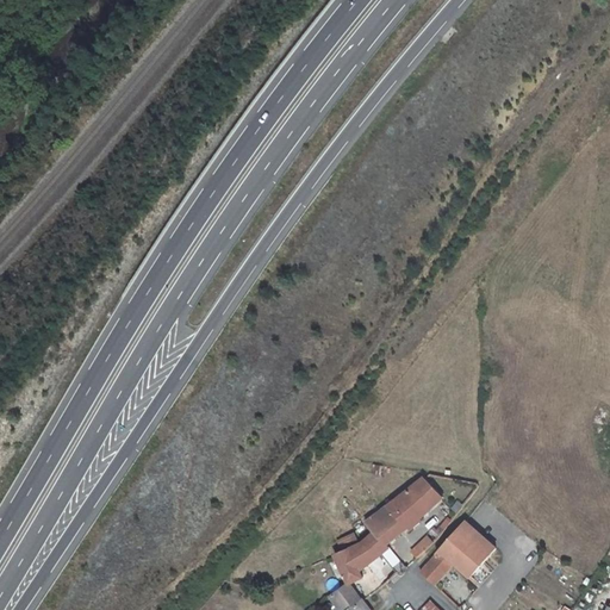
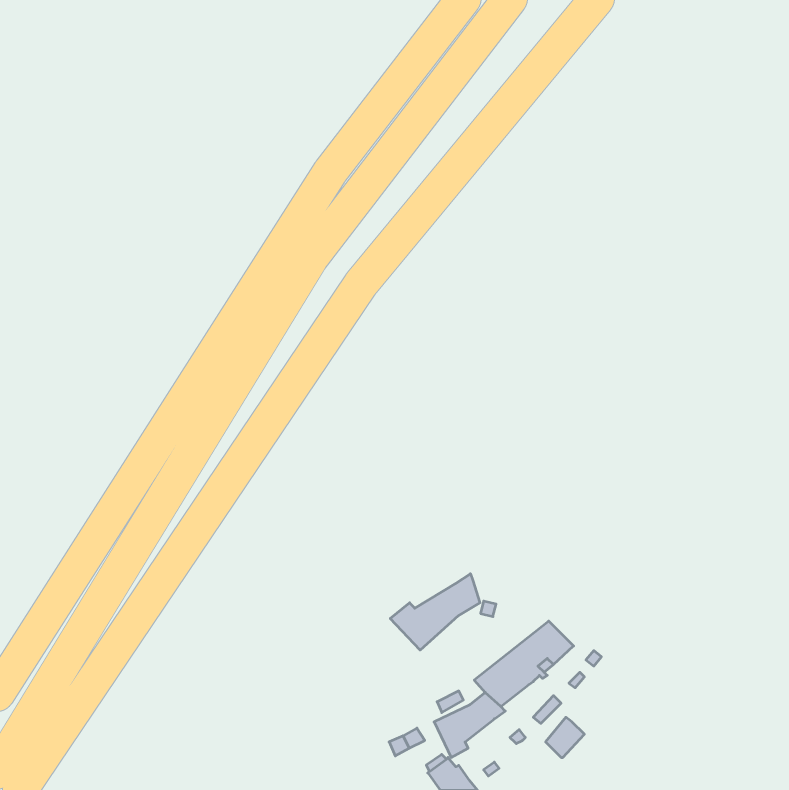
building: none -> [390,574,480,650]
building: [438,521,494,577] -> none

